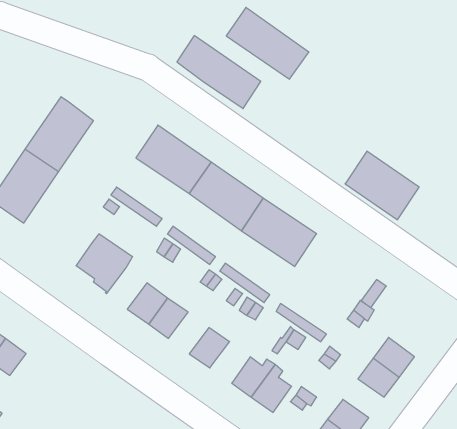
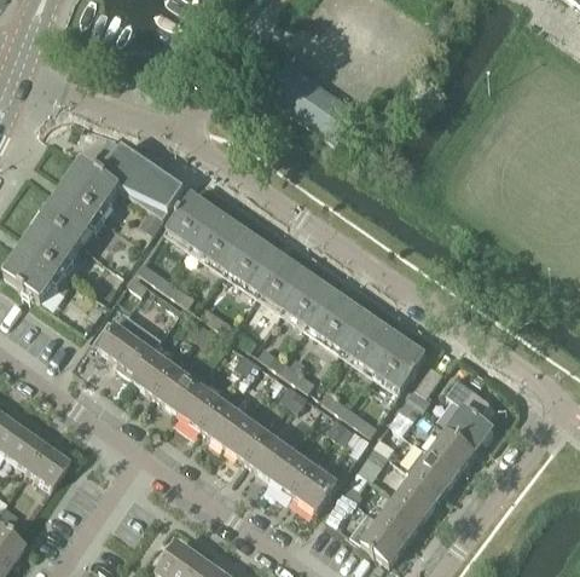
building: [177,36,261,109] -> [88,135,181,217]
building: [345,151,419,220] -> [341,312,423,388]
building: none -> [132,350,176,396]
building: none -> [445,377,491,449]
building: none -> [201,399,245,445]
building: none -> [246,432,291,478]
building: none -> [24,445,66,486]
building: none -> [394,473,440,517]

